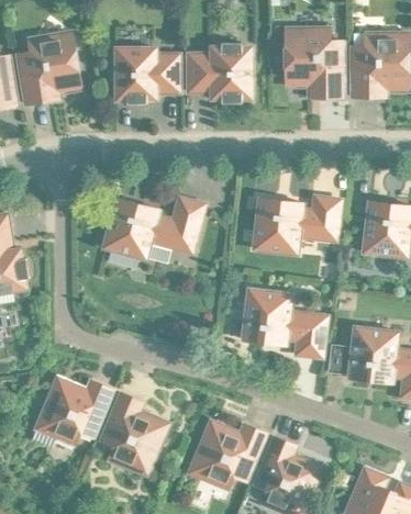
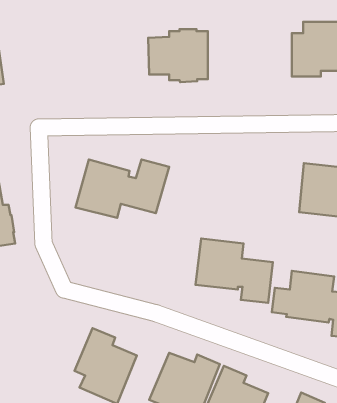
building: [286,29,343,98] -> none
building: [16,32,80,104] -> none
building: [110,45,182,103] -> none
building: [251,192,344,257] -> none
building: [33,373,115,447] -> none

